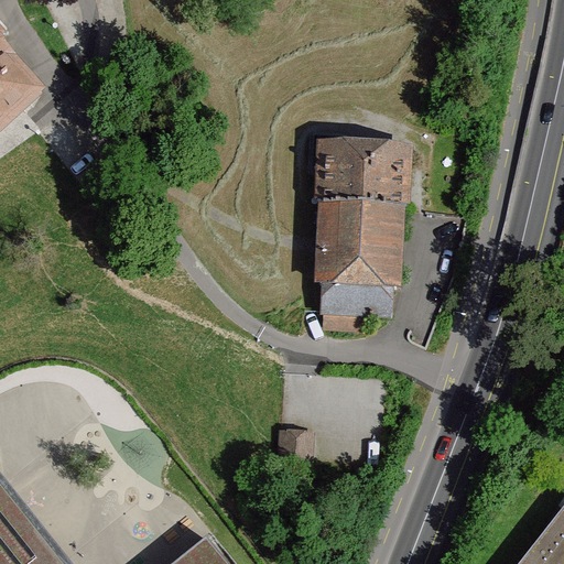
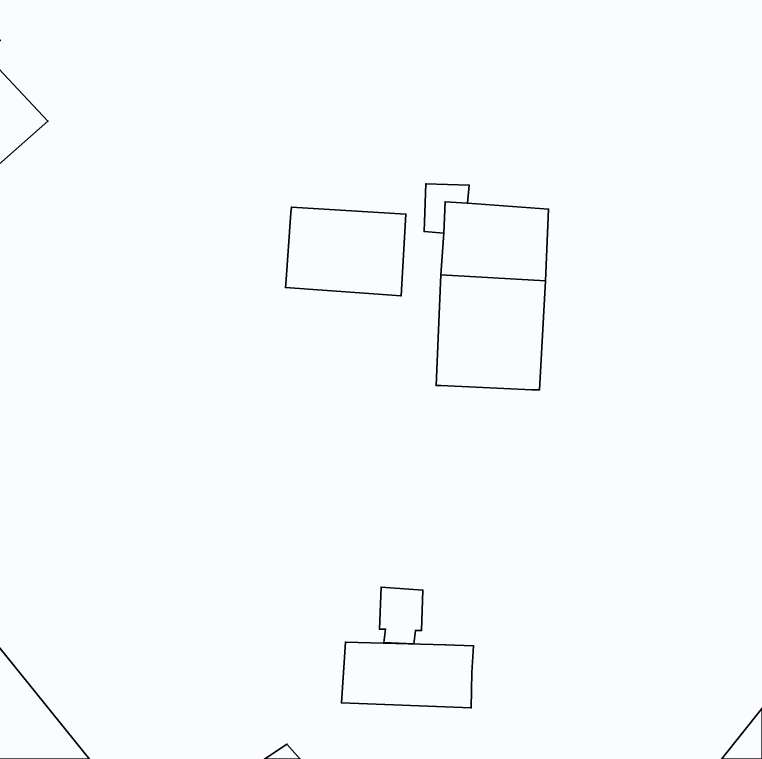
building: none -> [285,207,406,296]
building: [324,284,392,315] -> none
building: none -> [341,642,473,708]

